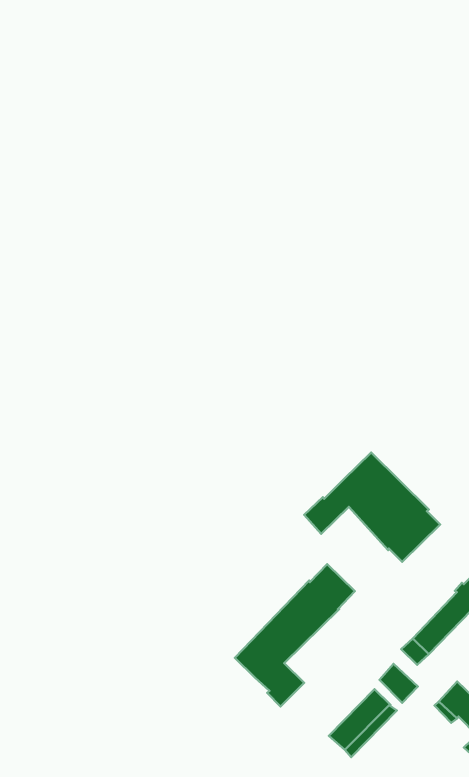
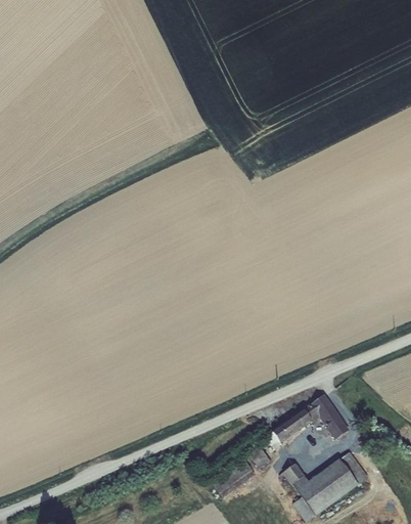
building: [304,452,440,562] -> none
building: [235,564,355,706] -> none

